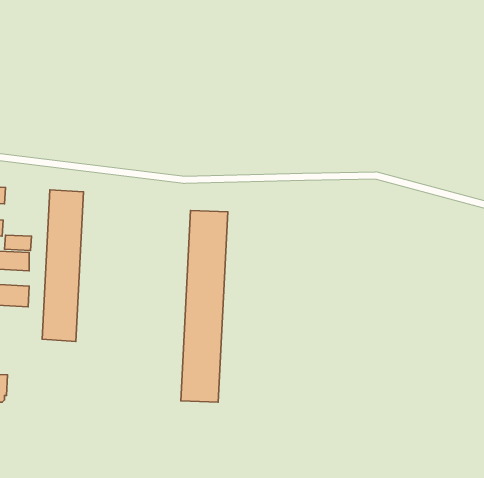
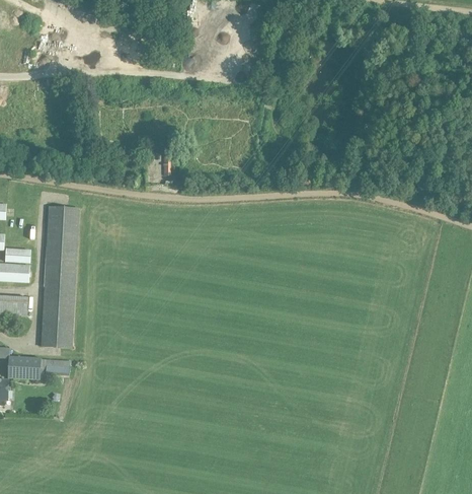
building: [181,211,228,402] -> none
building: none -> [7,355,70,379]

